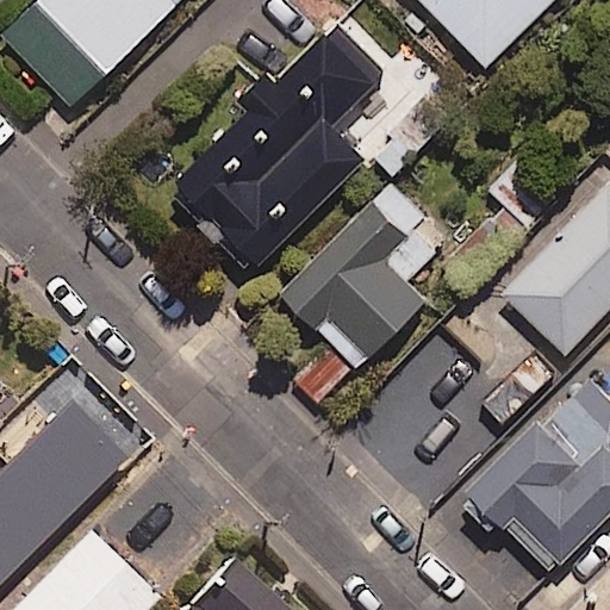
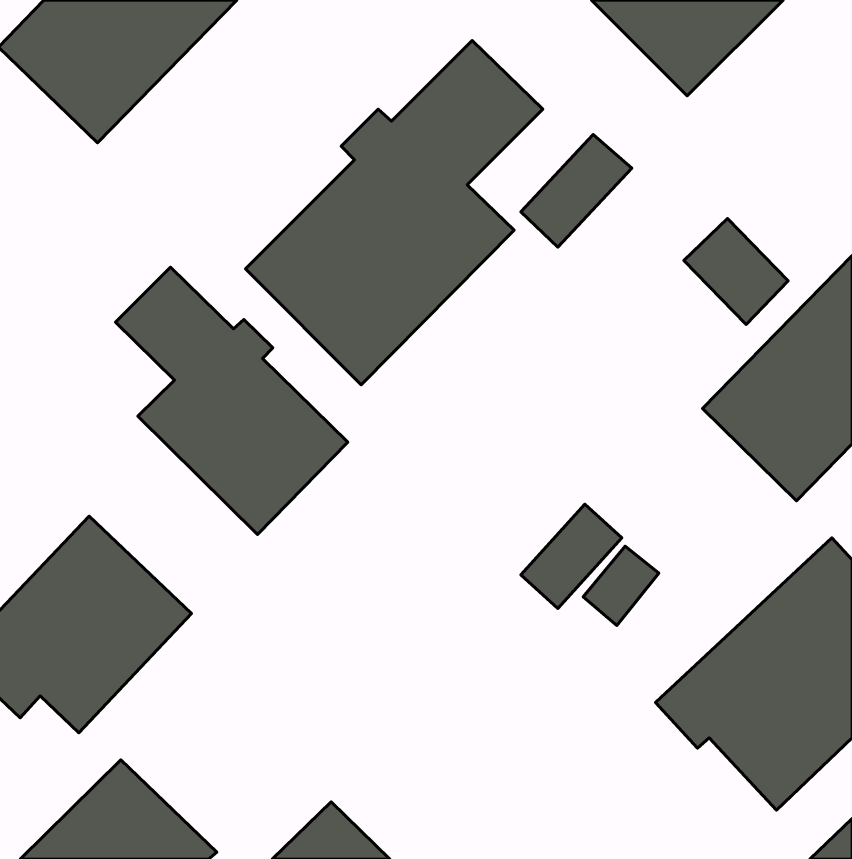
building: [284,188,446,402] -> none
building: none -> [115,267,348,535]

